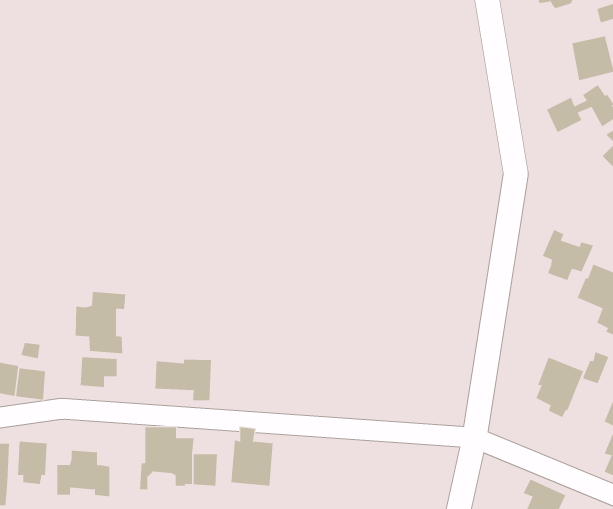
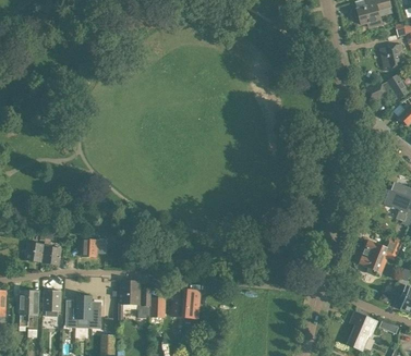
building: [542,229,594,281] -> none
building: [75,291,126,354] -> none
building: [155,359,212,401] -> none

